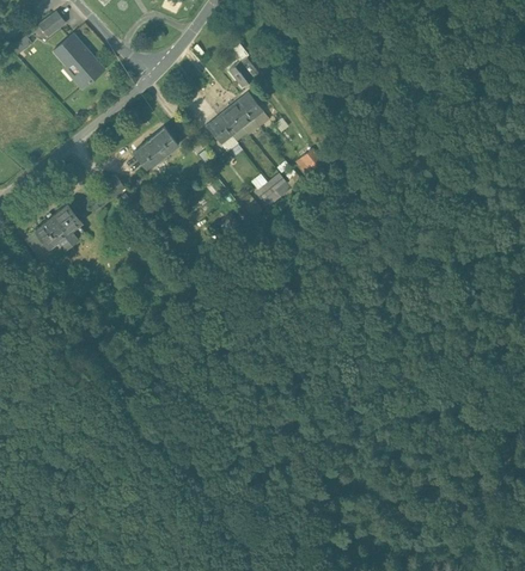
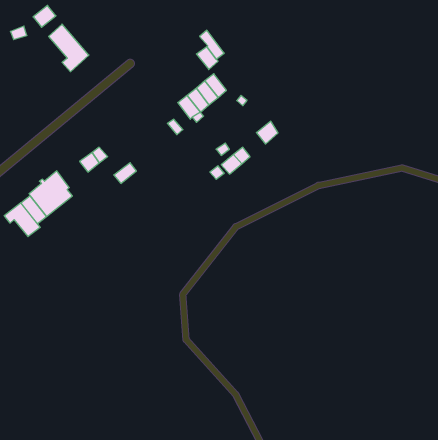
building: [133,128,178,170] -> none
building: none -> [4,203,40,237]

